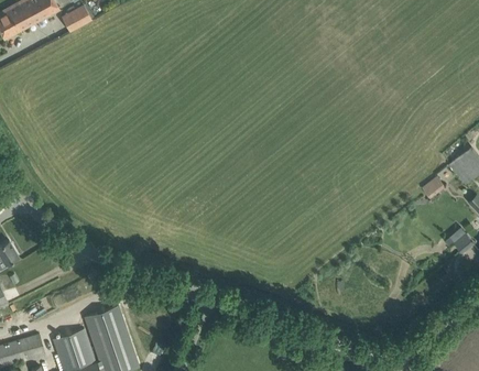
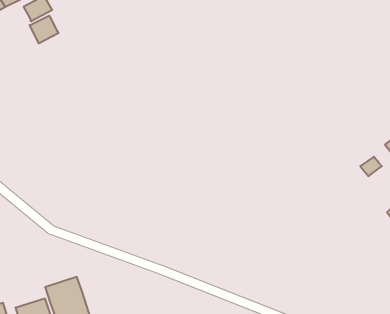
building: none -> [30,16,59,43]

